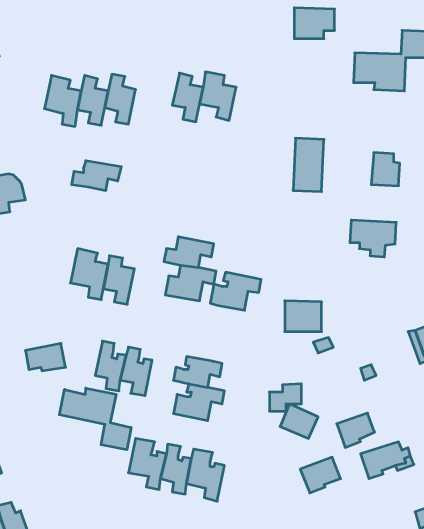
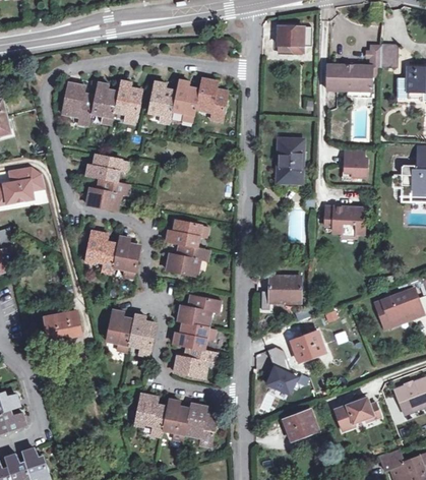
building: none -> [148,81,175,123]
building: none -> [86,178,130,211]
building: [210,272,261,310] -> [177,295,221,327]
building: [59,388,131,450] -> none
building: [337,413,375,447] -> [290,332,322,361]

